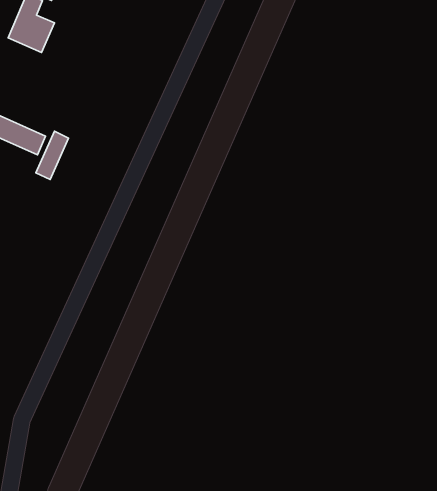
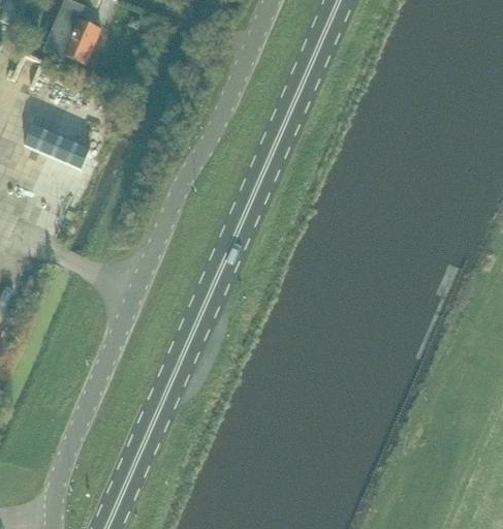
building: [36,131,69,180] -> none

